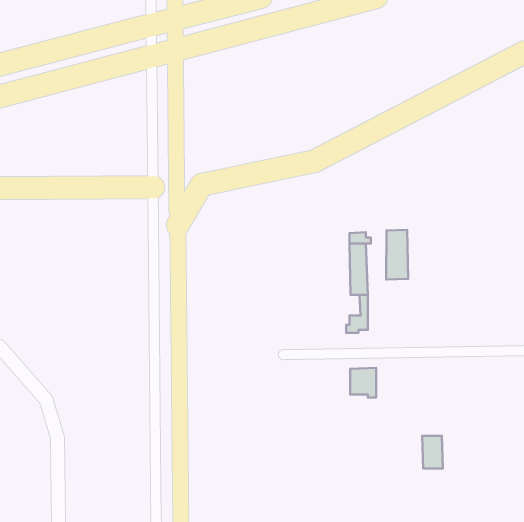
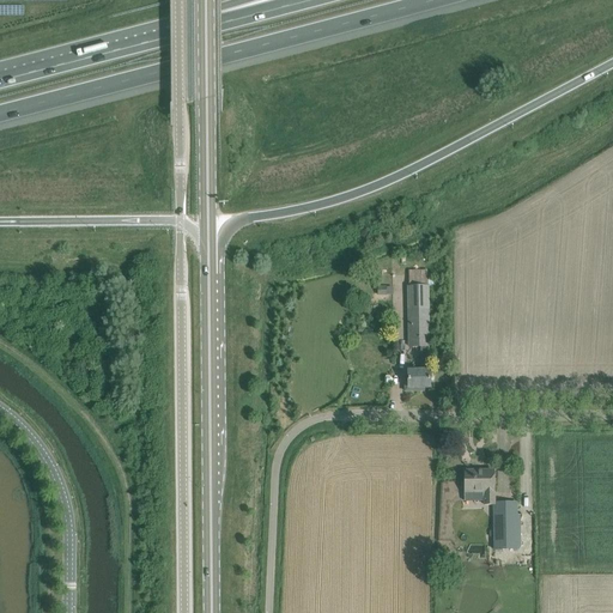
building: [386,230,408,280] -> none
building: [350,368,376,398] -> [463,467,493,502]

